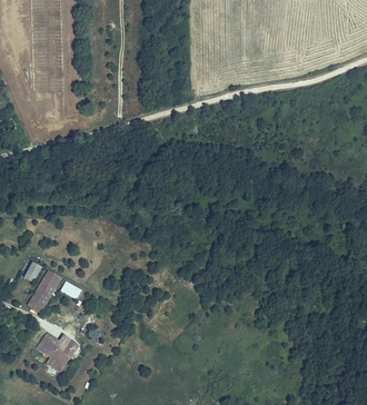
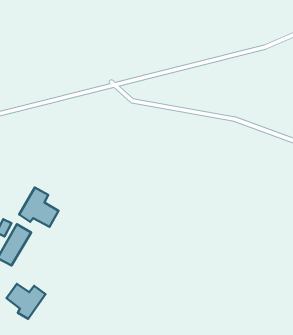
building: none -> [19,187,58,227]

